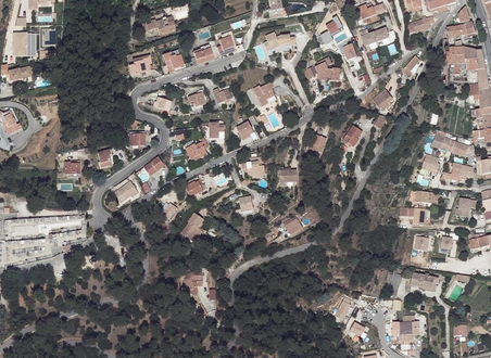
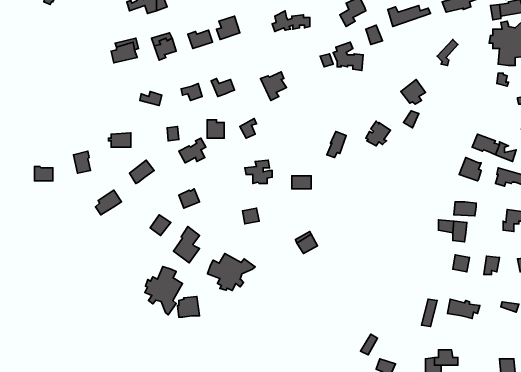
building: none -> [208,253,255,291]
building: none -> [145,266,182,315]

